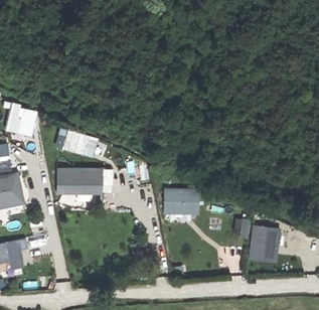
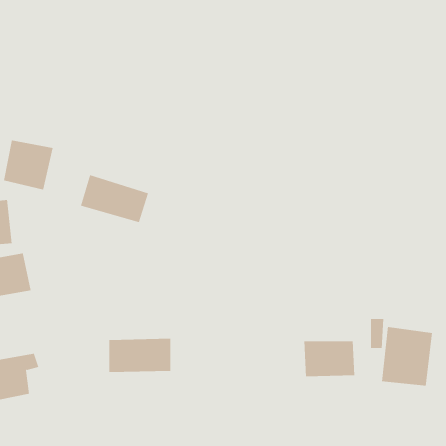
building: [60,170,101,192] -> [108,338,171,373]
building: [164,191,197,214] -> [303,341,355,377]

